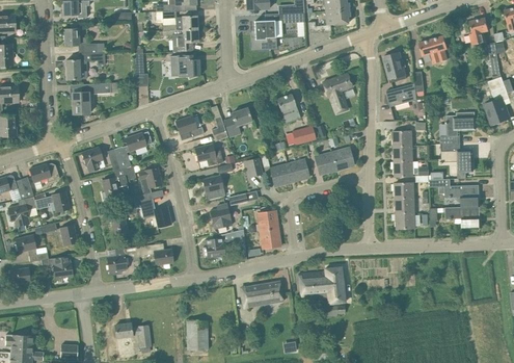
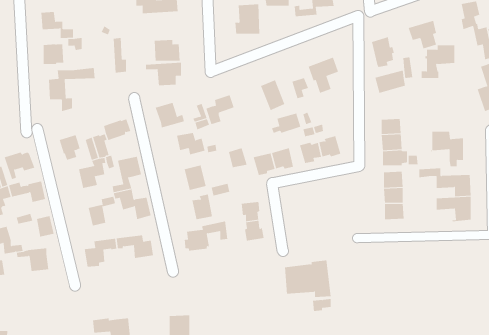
building: [162,28,197,51] -> [145,62,182,86]
building: [441,111,475,144] -> [421,45,455,78]
building: [241,282,282,309] -> none

